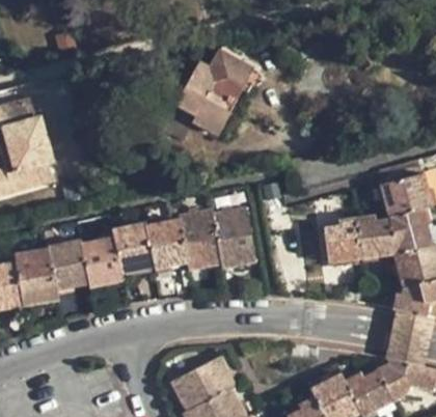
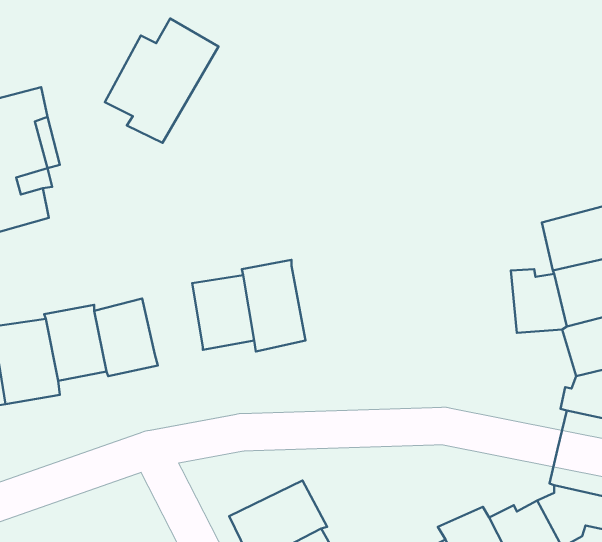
building: [176,49,252,132] -> [105,18,218,143]
building: [212,208,254,268] -> none
building: [324,217,362,262] -> none
building: [110,223,153,273] -> none

